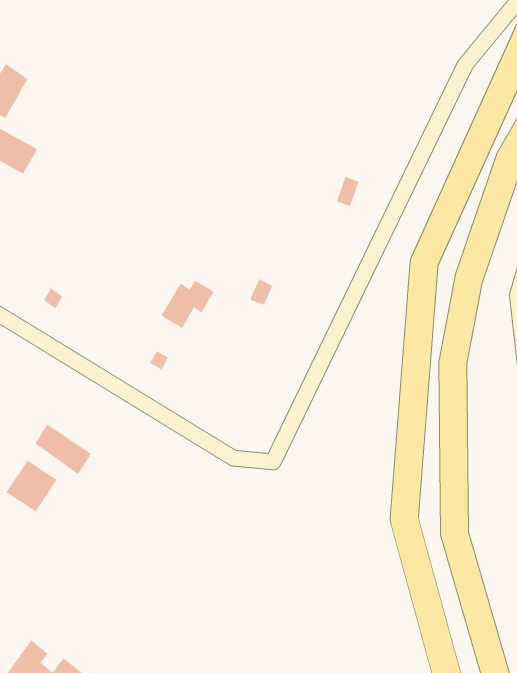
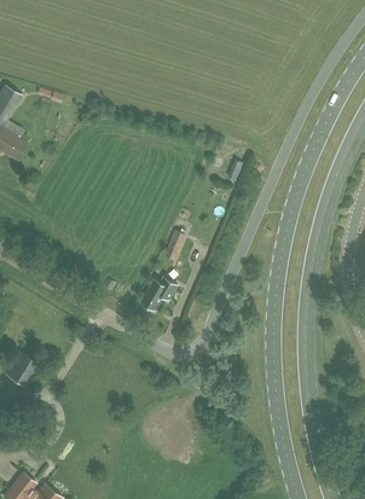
building: [161,279,214,330] -> [141,278,178,312]
building: [35,423,92,475] -> none

